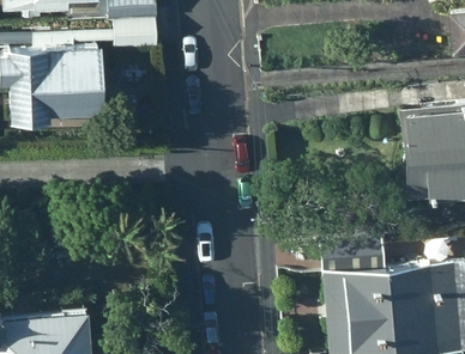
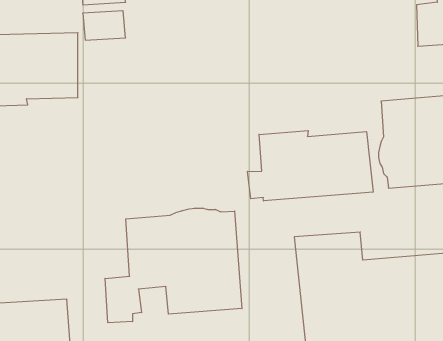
building: none -> [248,131,373,201]
building: none -> [105,208,242,323]

